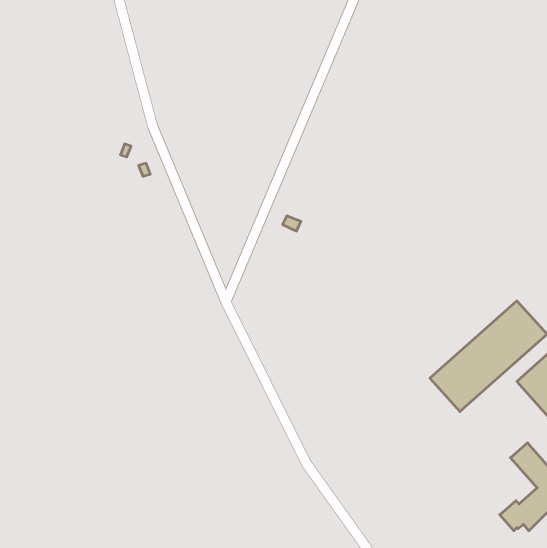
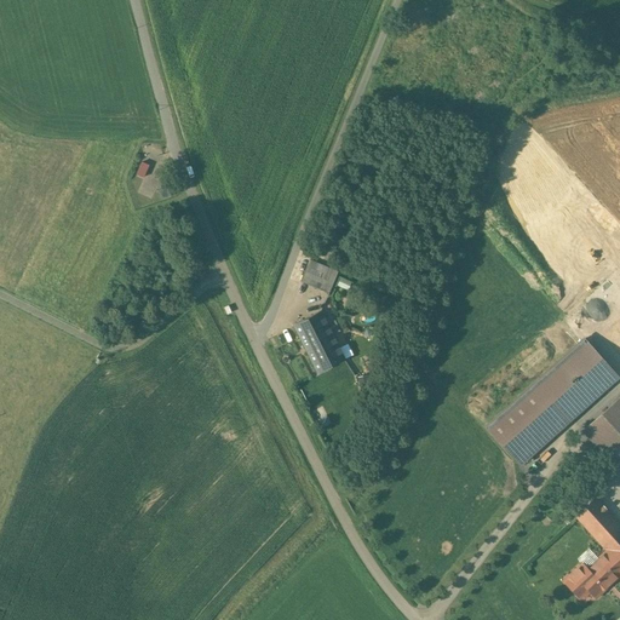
building: none -> [302,262,339,294]
building: none -> [295,312,346,373]

